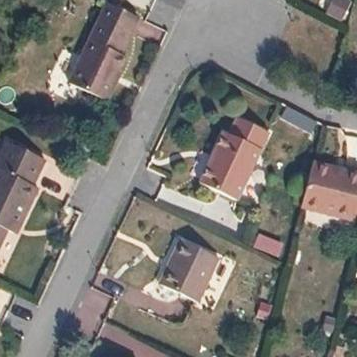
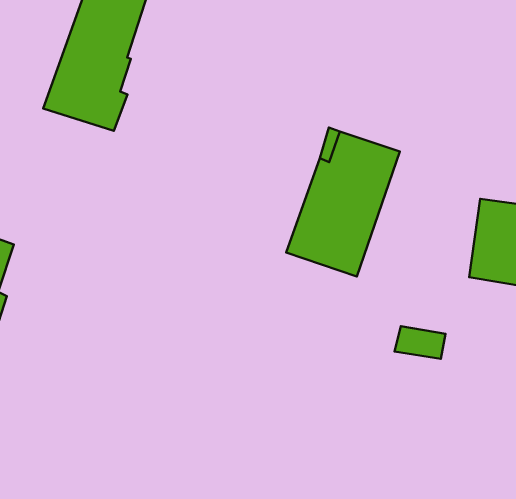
building: [160,239,218,301] -> none

